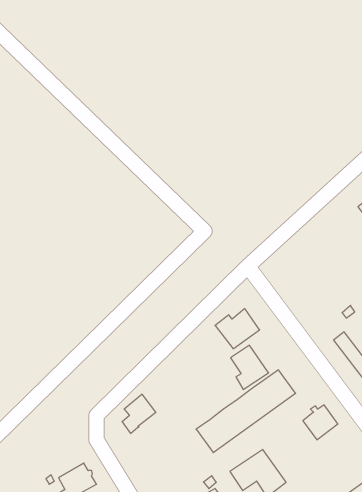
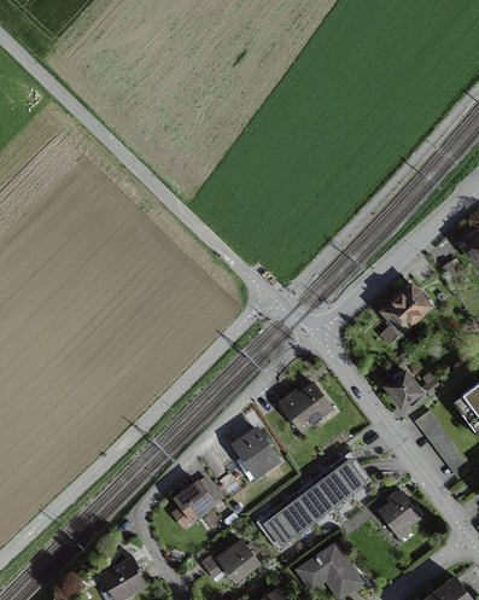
building: none -> [382,286,430,332]
building: none -> [386,373,420,407]
building: [231,345,269,390] -> [234,430,278,480]
building: none -> [203,541,257,581]

